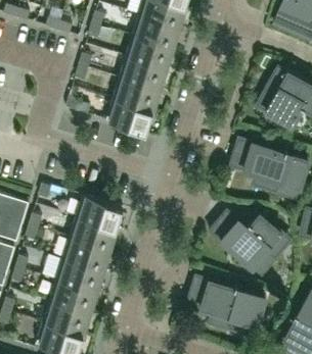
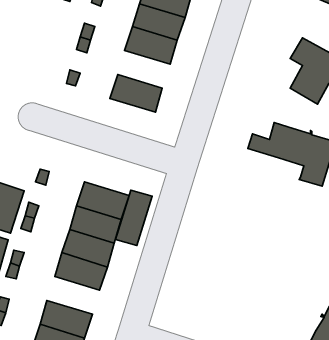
building: [113,81,160,114] -> none
building: none -> [116,190,152,245]
building: [209,217,282,277] -> none
building: [197,282,265,333] -> none
building: [49,283,96,316] -> none

